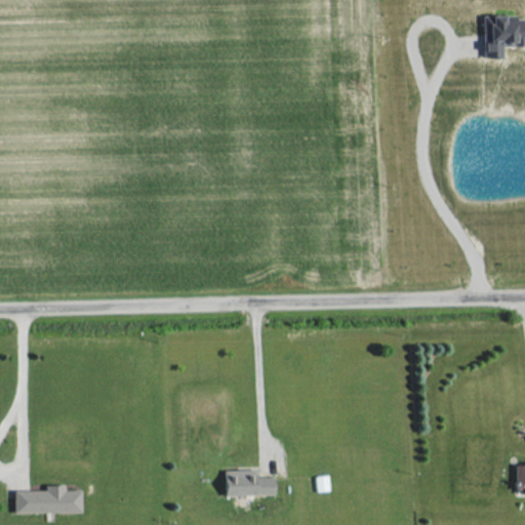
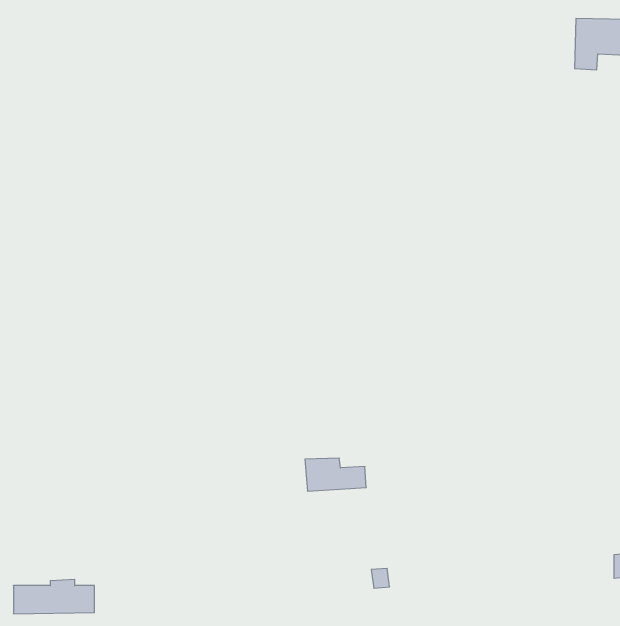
building: [226,470,277,497] -> [305,458,366,491]

